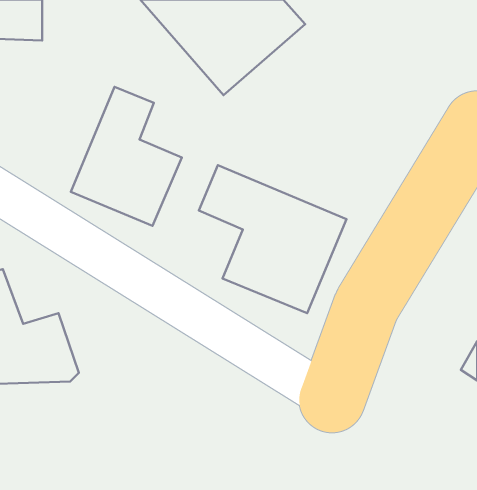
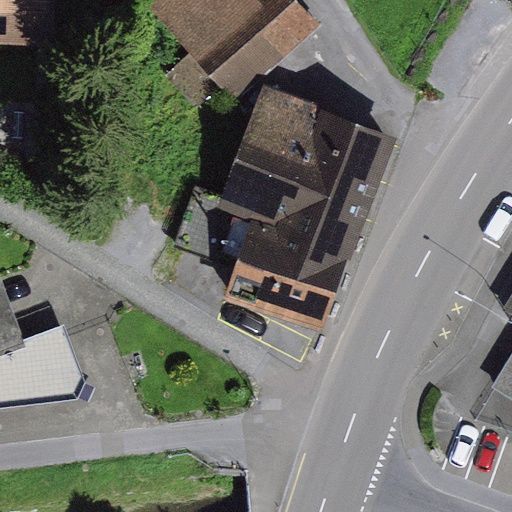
building: none -> [227,85,397,228]
building: [71,87,182,226] -> none

